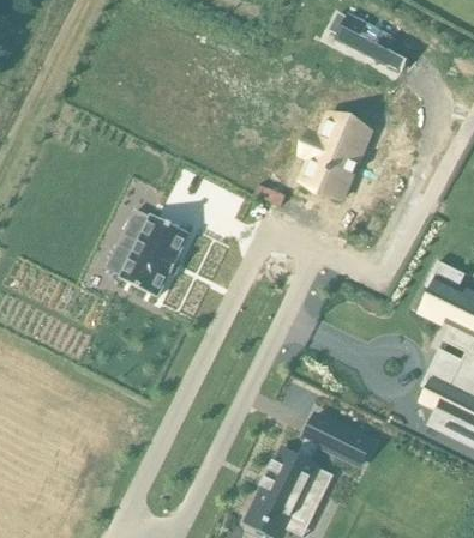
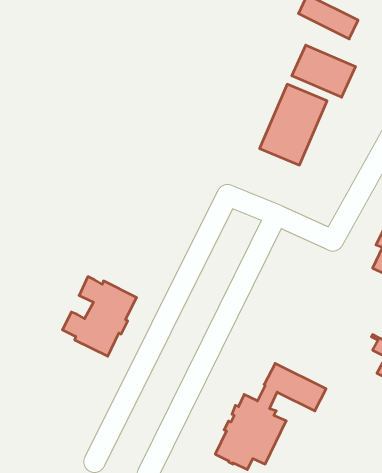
building: none -> [292,45,355,97]
building: [107,208,187,295] -> [62,277,137,356]

